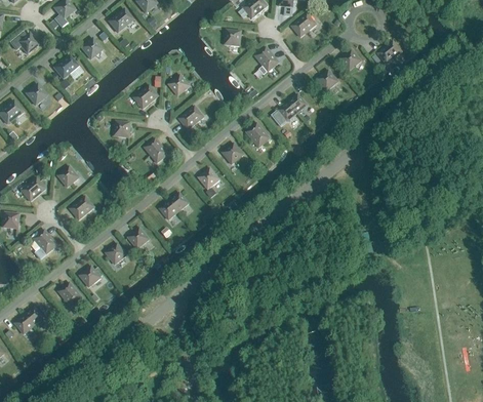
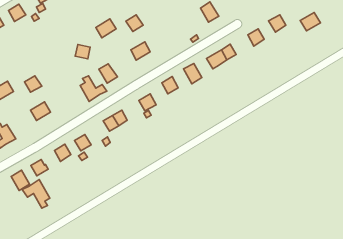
building: none -> [80,76,107,102]
building: none -> [22,179,50,208]

